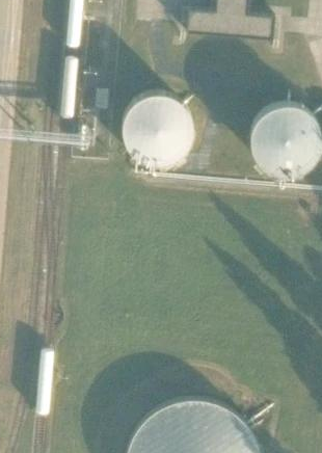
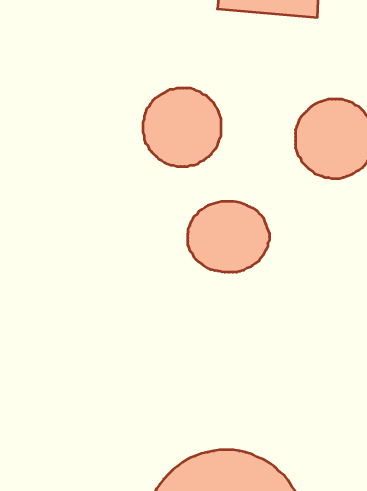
building: none -> [188,201,269,272]

